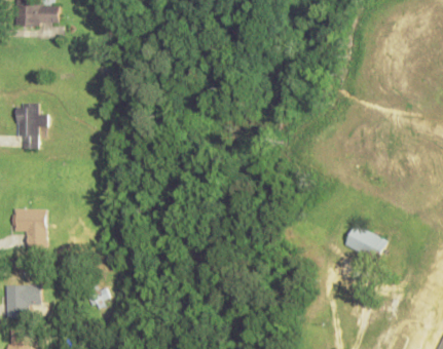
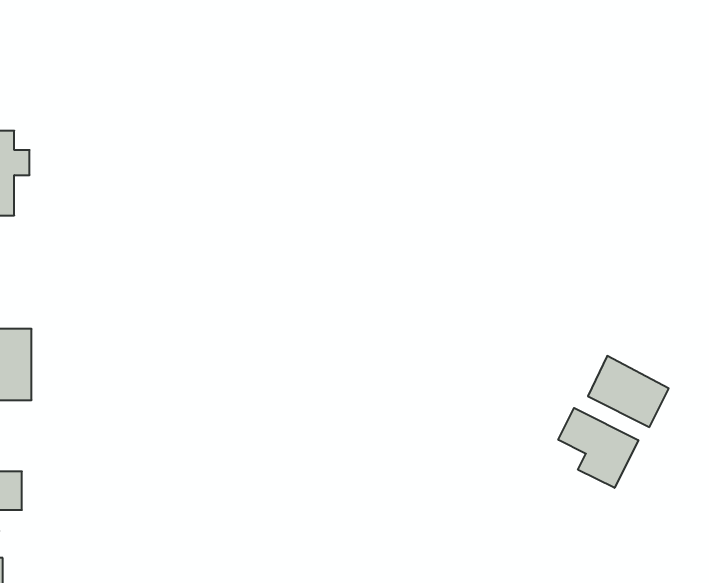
building: none -> [558,408,638,488]

